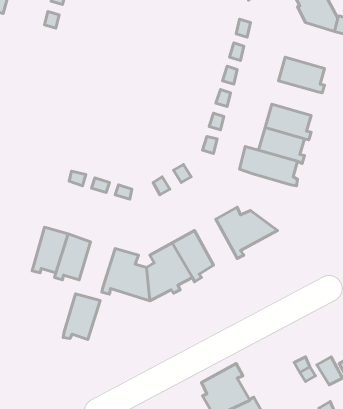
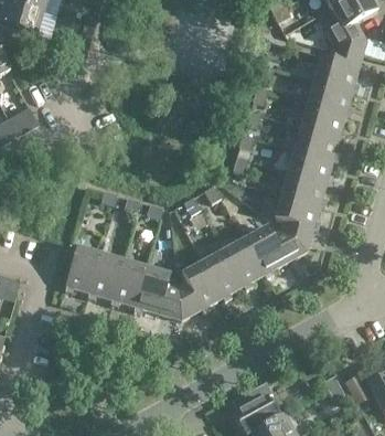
building: none -> [314,54,360,89]
building: none -> [301,100,346,136]
building: none -> [275,192,320,248]
building: none -> [225,237,265,287]
building: [63,294,100,340] -> [110,259,147,305]

